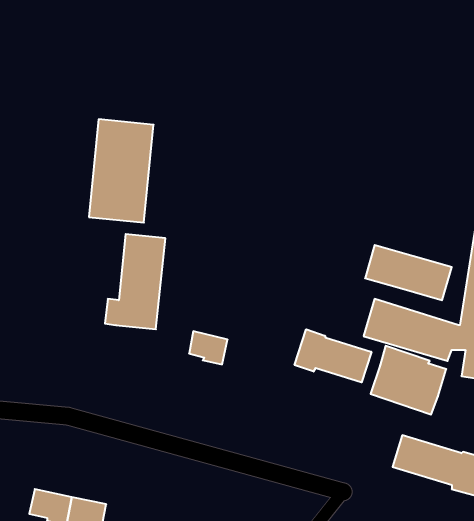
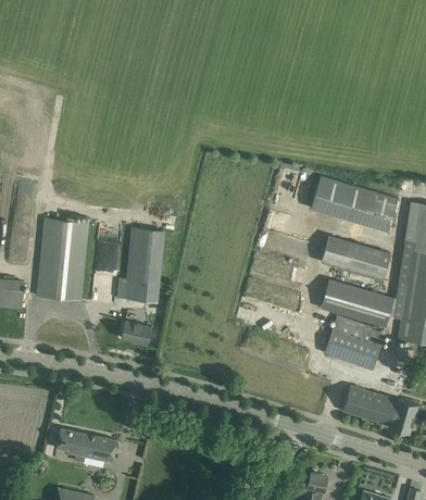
building: [89,119,154,223] -> [37,218,88,300]
building: none -> [311,176,398,232]
building: [295,329,371,382] -> none
building: [189,331,228,364] -> [121,321,151,347]

